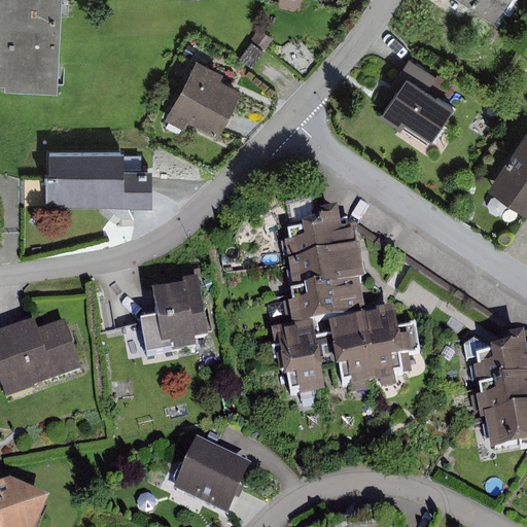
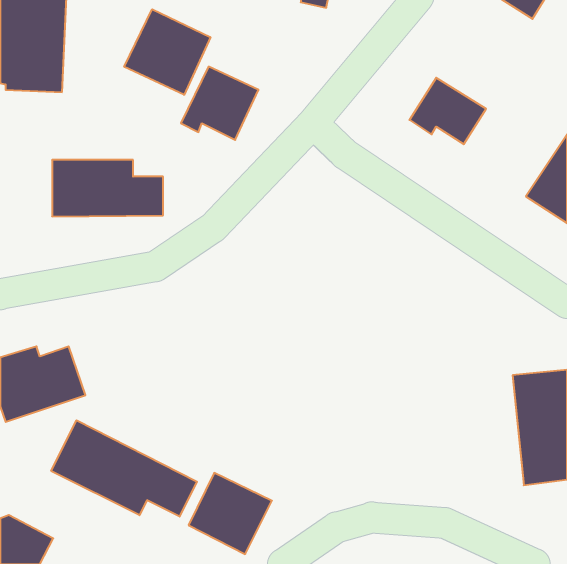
building: none -> [124,9,210,95]
building: [281,216,424,399] -> none
building: [152,274,205,353] -> none
building: none -> [51,420,197,517]

